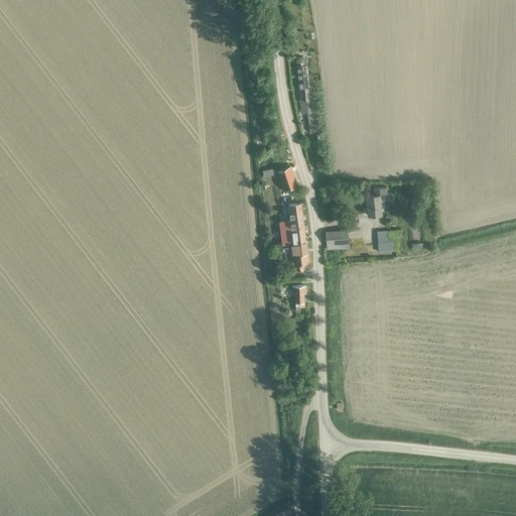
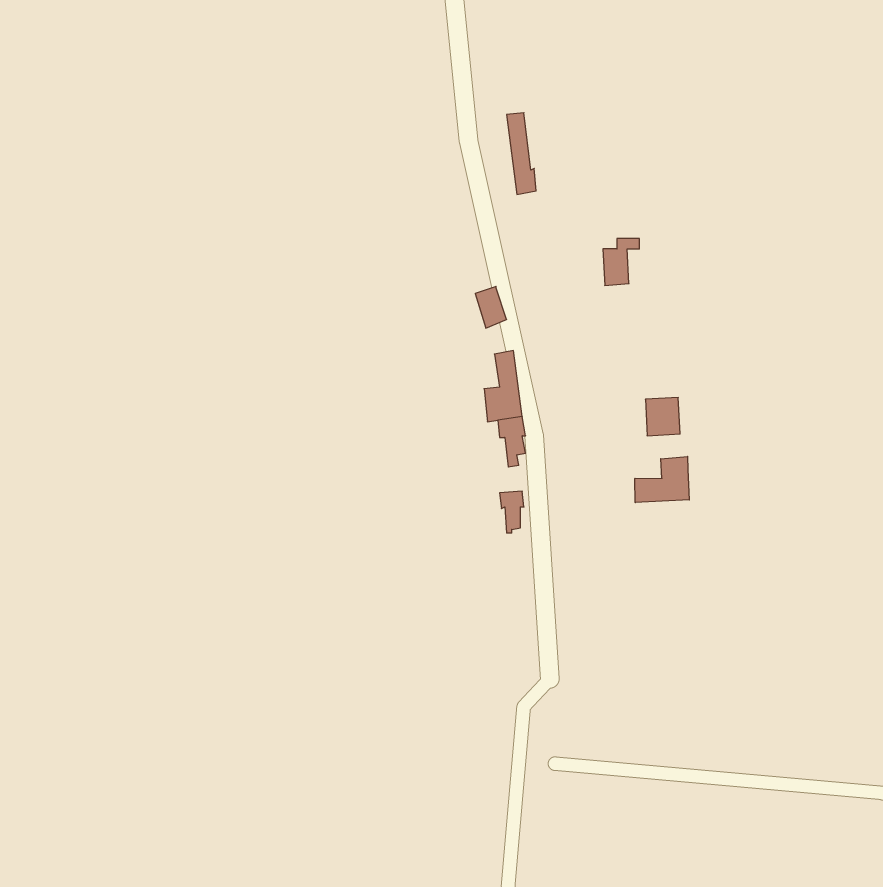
building: [365,189,386,217] -> [603,239,639,285]
building: [322,229,348,250] -> none
building: none -> [635,456,689,503]

